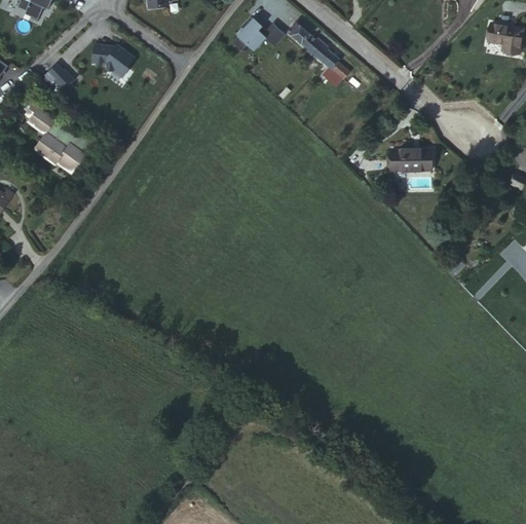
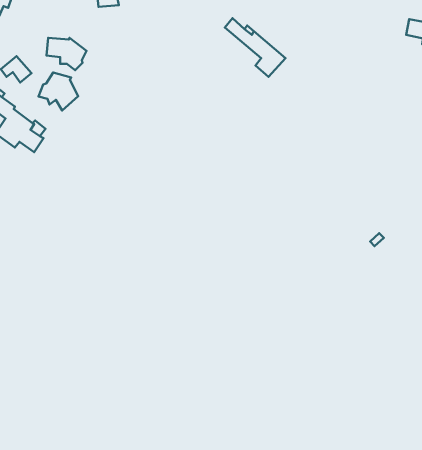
building: [232,17,285,51] -> none
building: none -> [39,73,78,110]
building: [390,150,429,172] -> none

